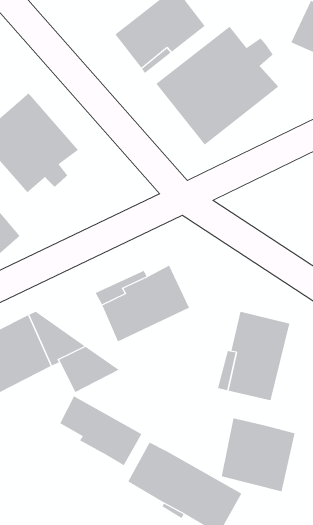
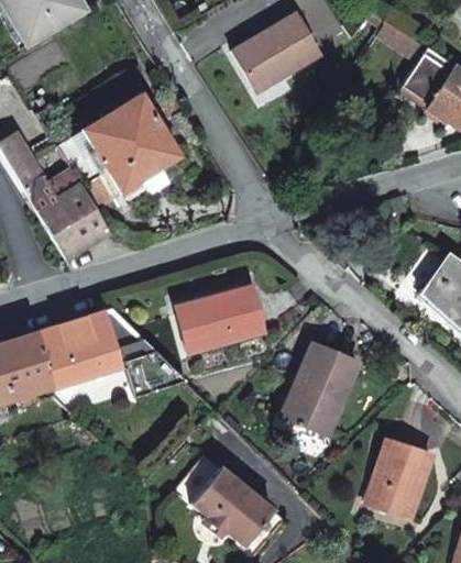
building: [155,26,279,146] -> none
building: [59,395,142,466] -> none
building: [221,417,295,492] -> none

